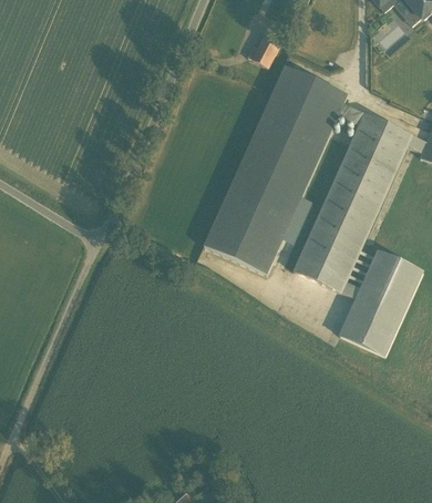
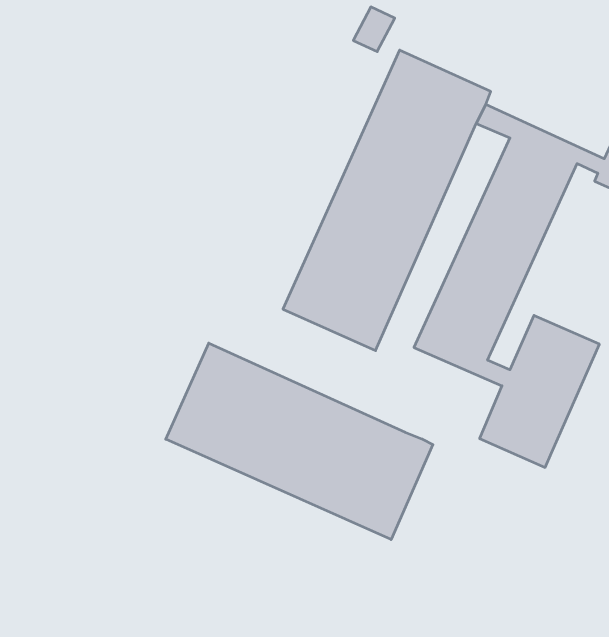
building: none -> [166,343,433,540]

